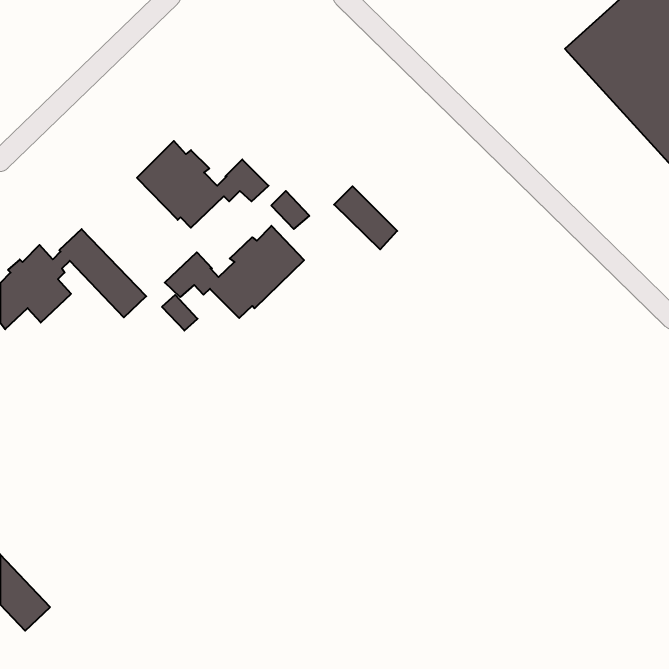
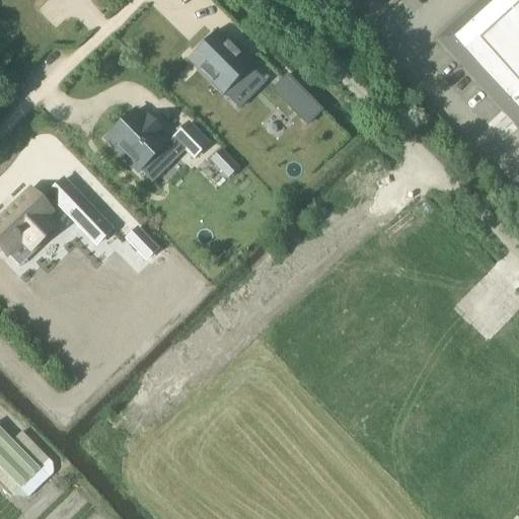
building: none -> [190,29,258,98]
building: [334,186,397,249] -> [275,74,323,123]
building: [165,226,304,318] -> none

